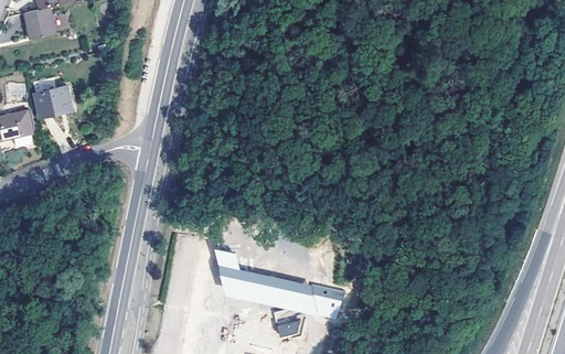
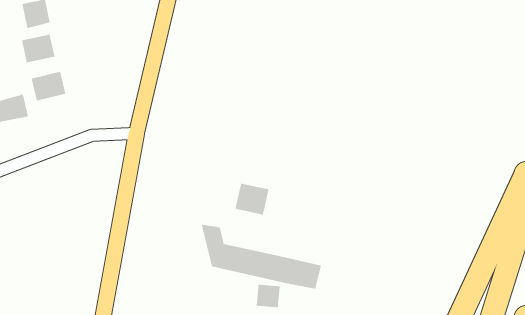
building: none -> [21,34,55,63]
building: none -> [235,183,269,215]

